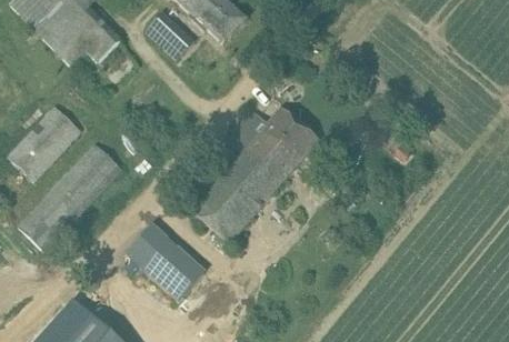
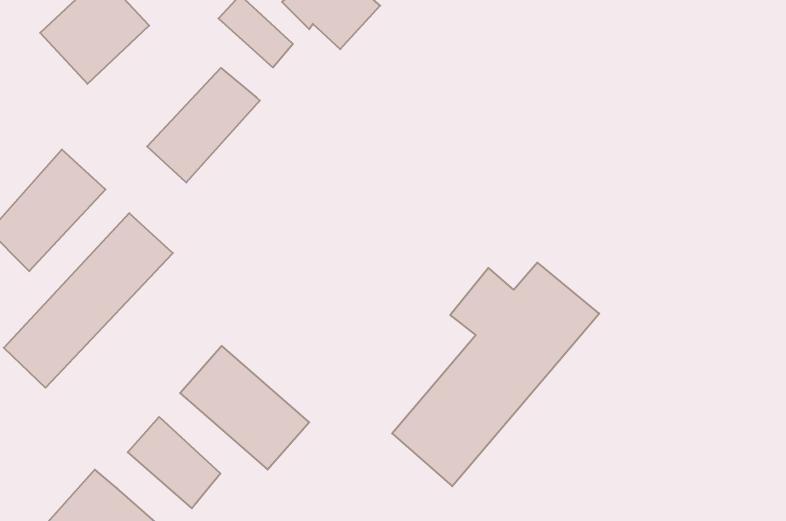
building: none -> [147,68,260,183]
building: [192,108,319,244] -> [392,263,599,486]
building: none -> [128,417,220,508]

